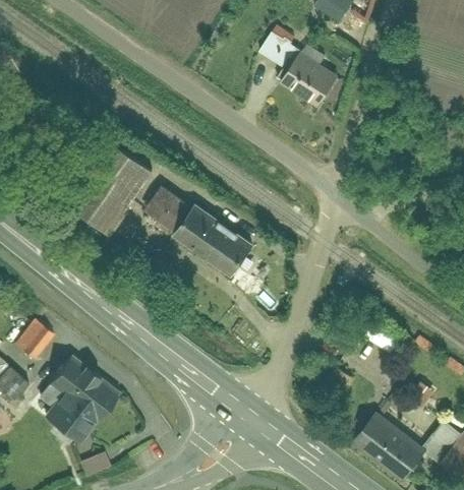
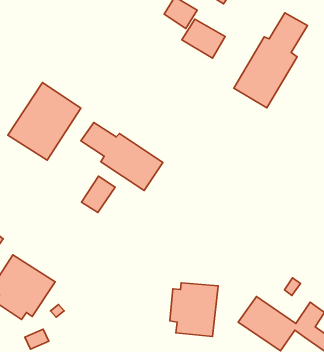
building: none -> [234,13,307,108]
building: none -> [81,176,115,213]
building: none -> [170,283,218,337]

